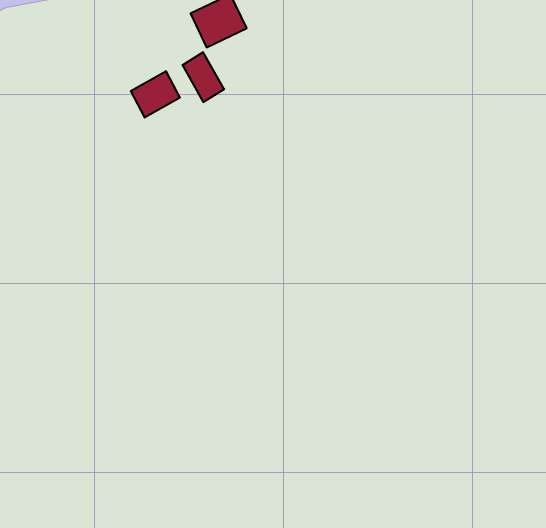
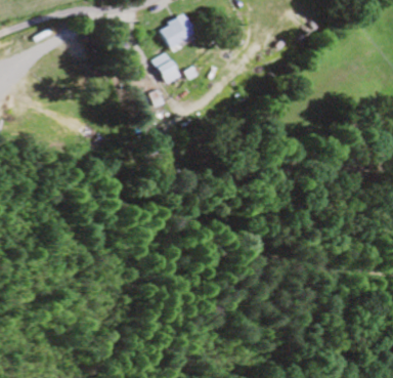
building: [131,71,180,118] -> none

